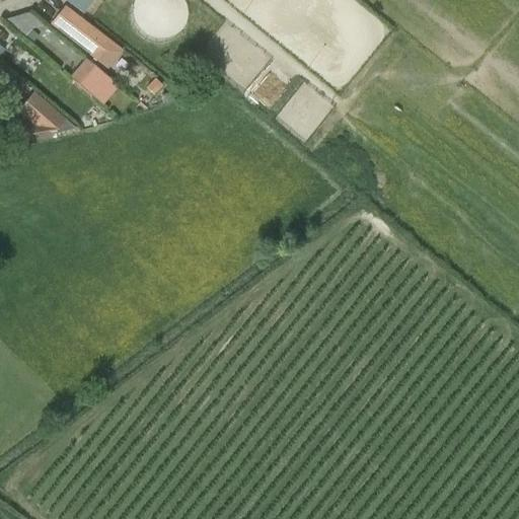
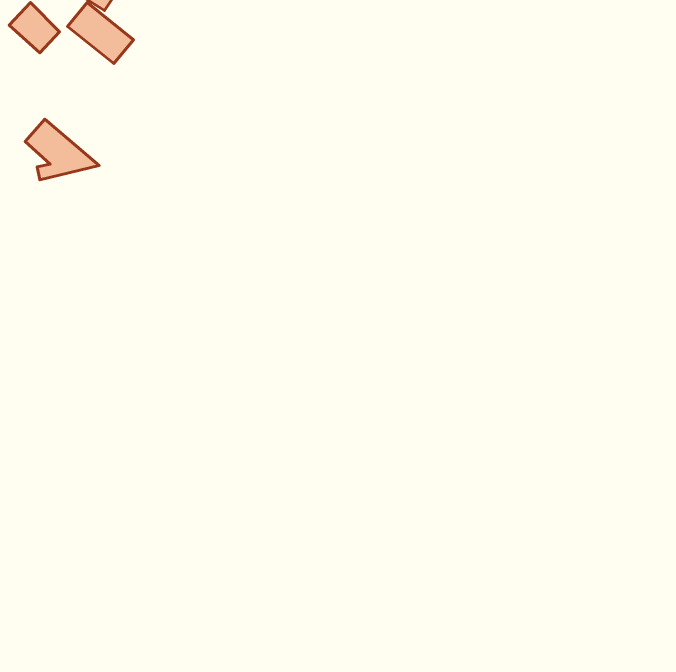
building: [89,32,123,66] -> none
building: [70,56,119,102] -> none

